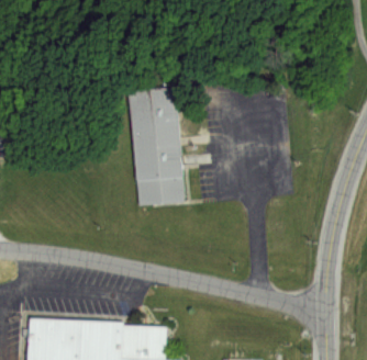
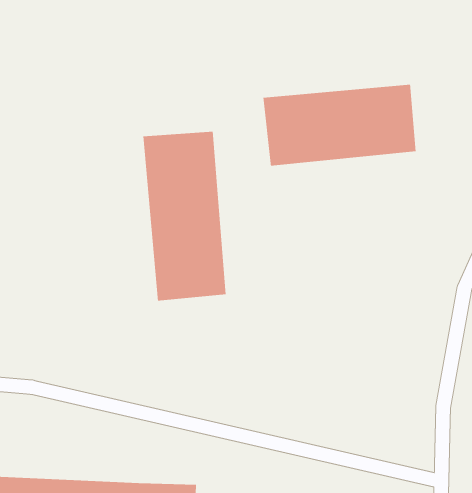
building: none -> [263,84,416,166]

